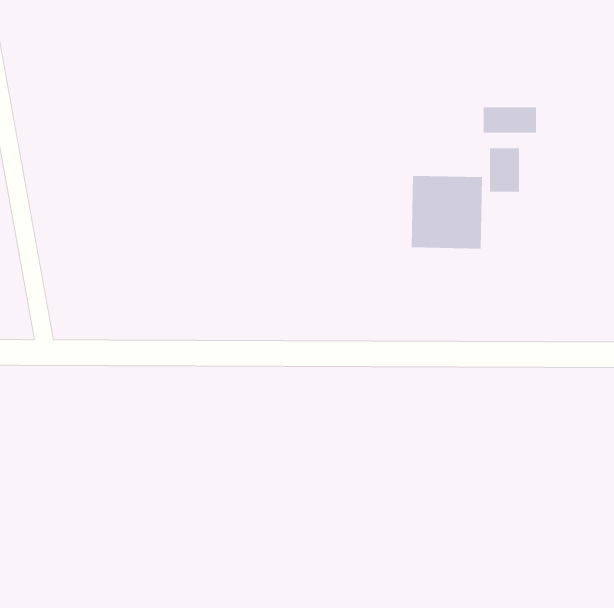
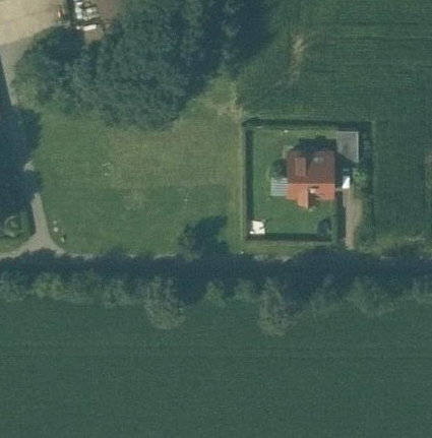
building: [483,107,536,134] -> none

